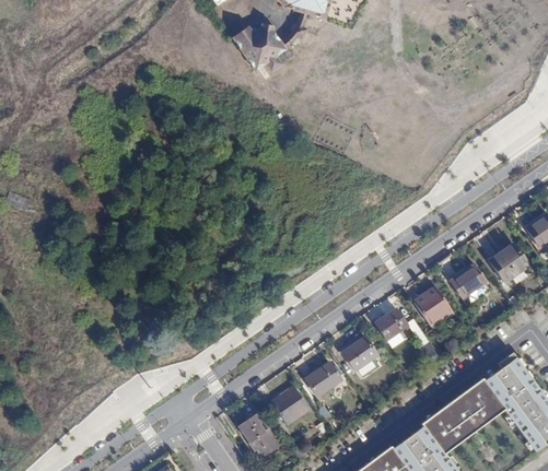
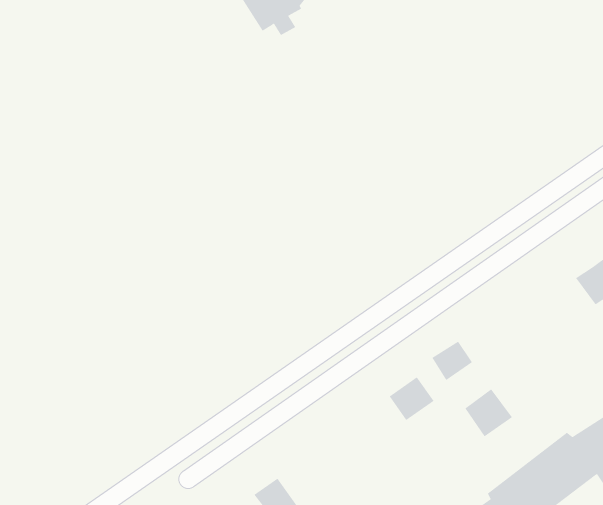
building: [448,263,486,298] -> none
building: [413,287,451,325] -> [464,389,513,437]
building: [305,360,341,395] -> none
building: [272,386,311,424] -> none

